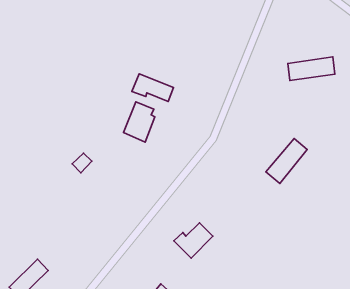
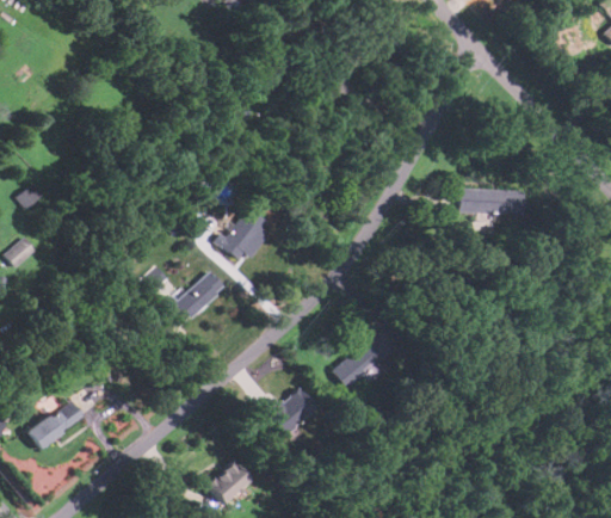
building: [132,74,174,101] -> none
building: [266,139,307,184] -> [332,331,394,389]
building: none -> [171,270,226,323]

